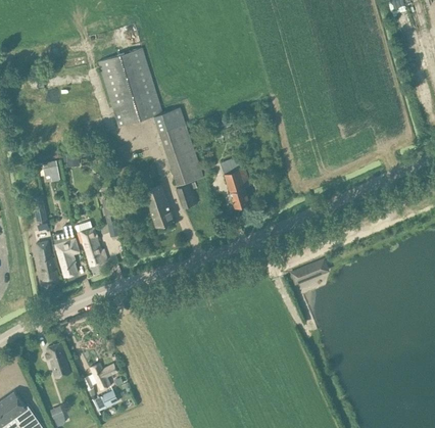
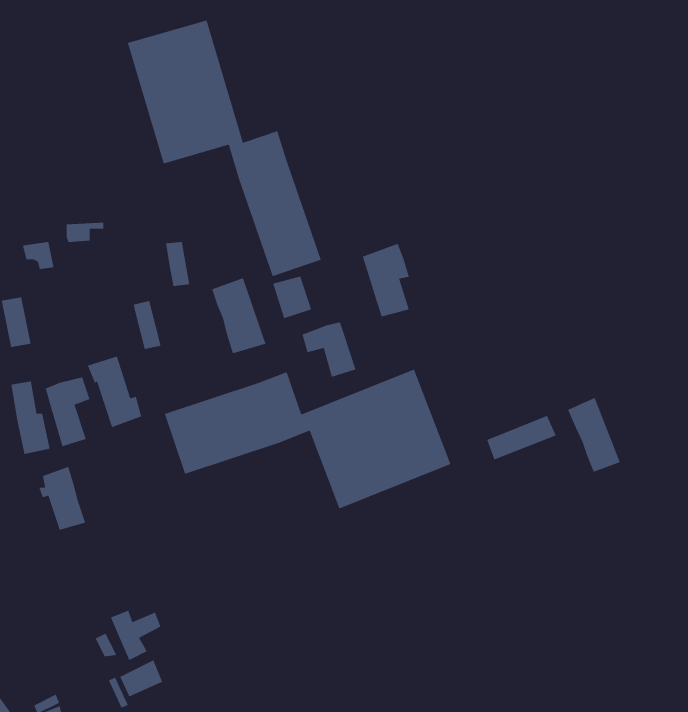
building: none -> [302,321,357,378]
building: none -> [164,369,451,510]
building: none -> [567,397,621,473]
building: [45,342,70,377] -> [38,466,86,531]

